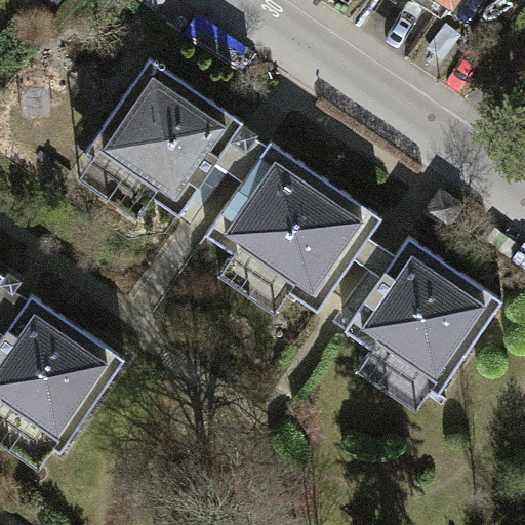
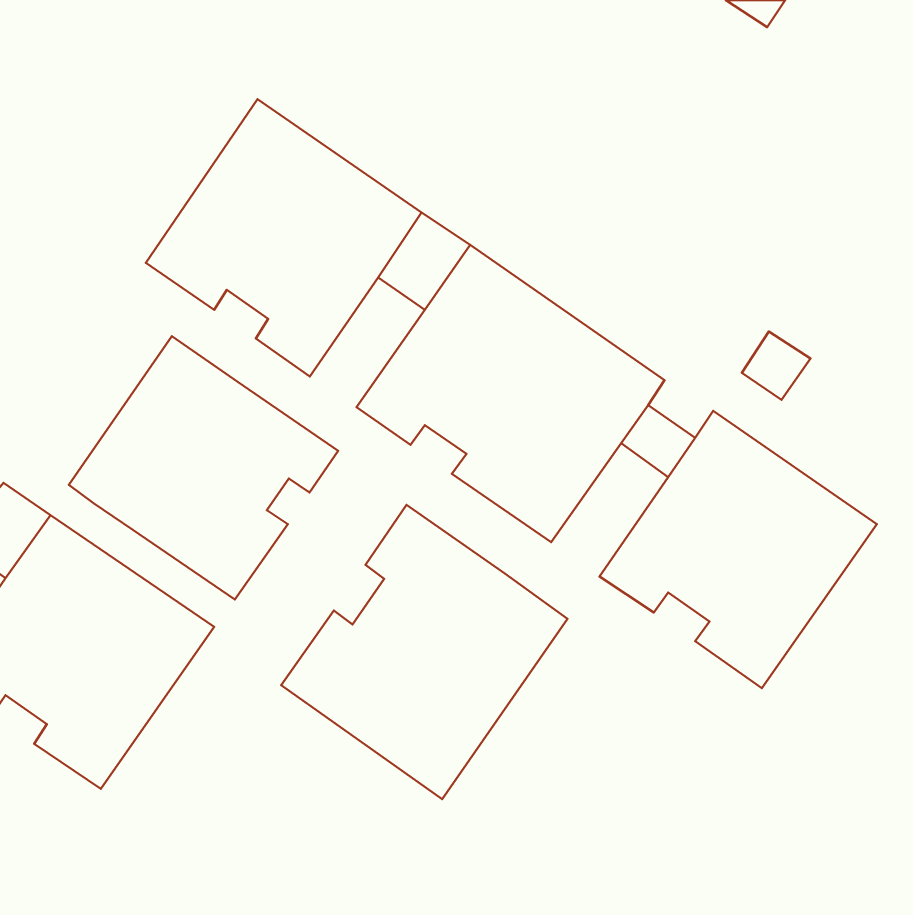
building: none -> [69,336,338,600]
building: none -> [281,505,568,799]

